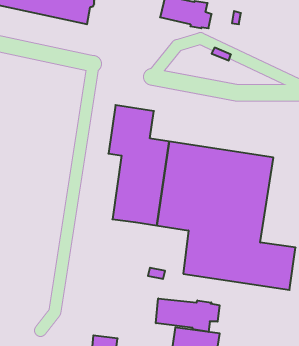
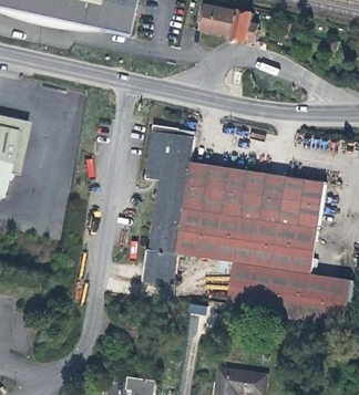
building: none -> [144,248,177,280]
building: [156,298,220,332] -> none

